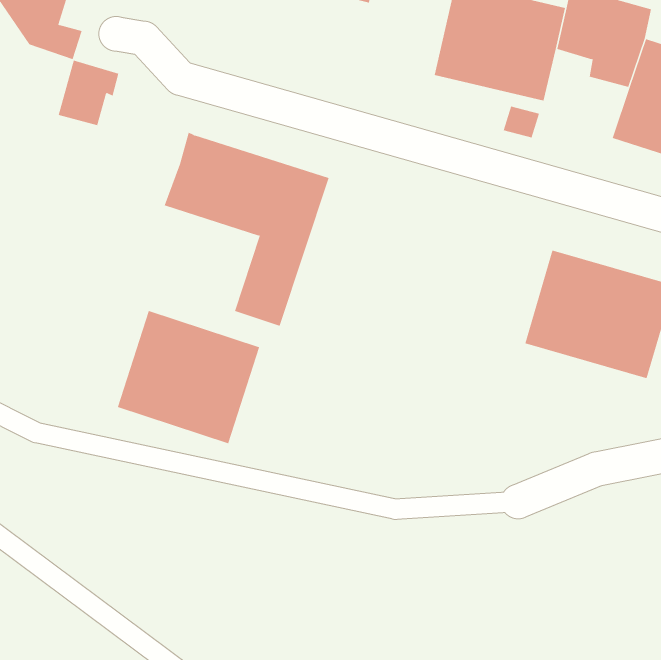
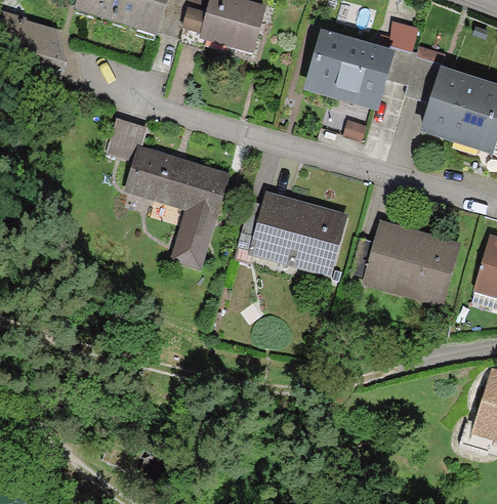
building: [58,60,119,126] -> [105,115,146,159]
building: none -> [249,191,347,275]
building: [117,310,260,444] -> none

